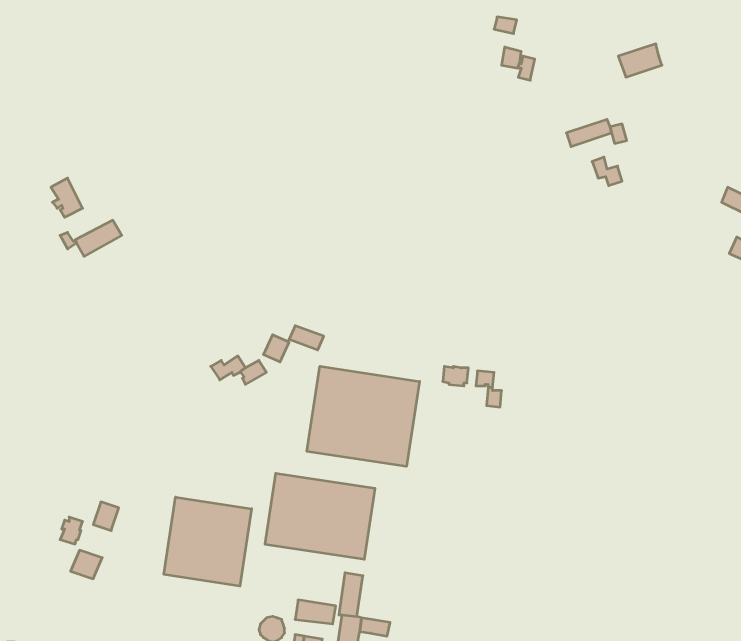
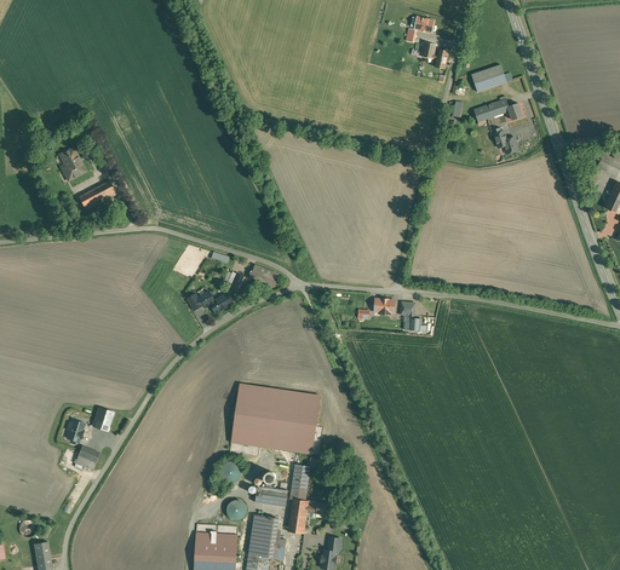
building: [618,44,662,77] -> [470,64,505,91]
building: [307,366,420,466] -> none
building: [164,497,252,586] -> none

